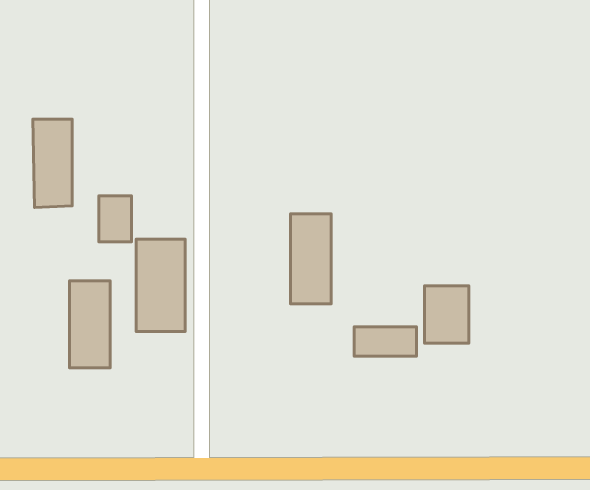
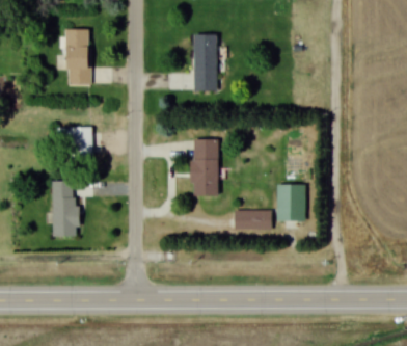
building: none -> [193,33,217,90]
building: [33,119,72,207] -> [65,29,90,85]
building: [136,239,185,332] -> none

